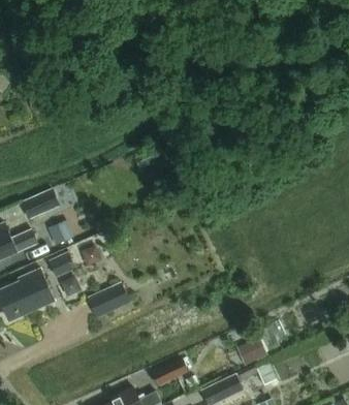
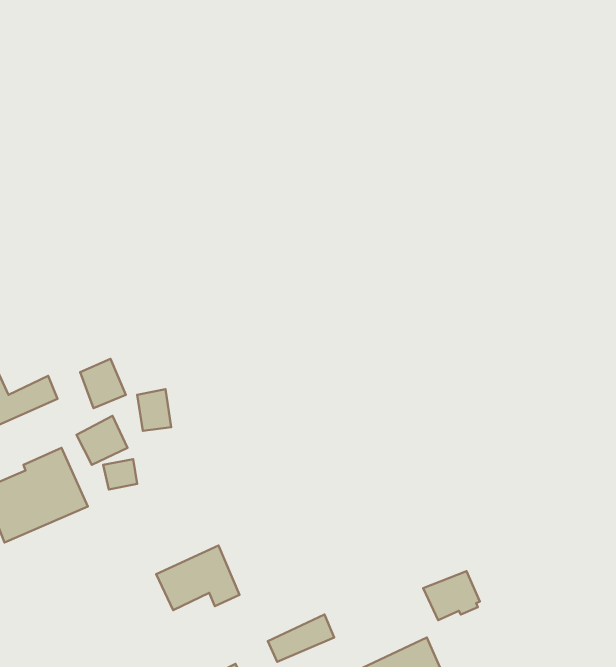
building: [20,191,58,221] -> none
building: [86,282,131,317] -> [156,546,239,610]

